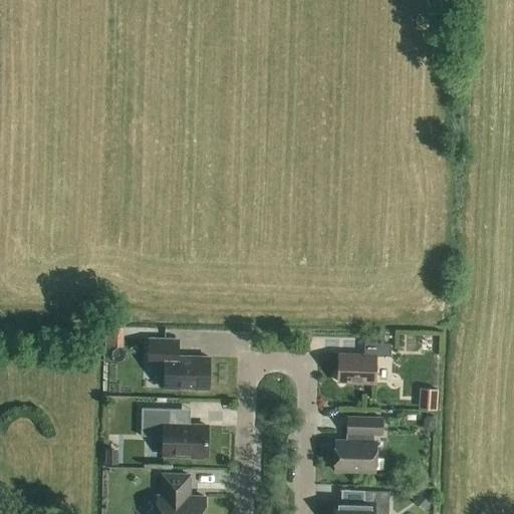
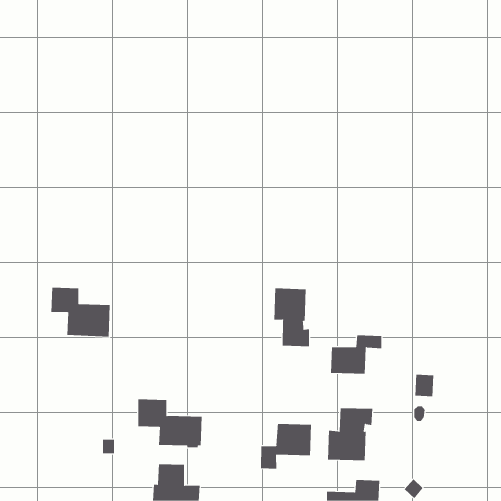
building: none -> [274,288,310,347]
building: [149,338,210,390] -> [51,287,111,337]
building: none -> [260,423,312,470]

